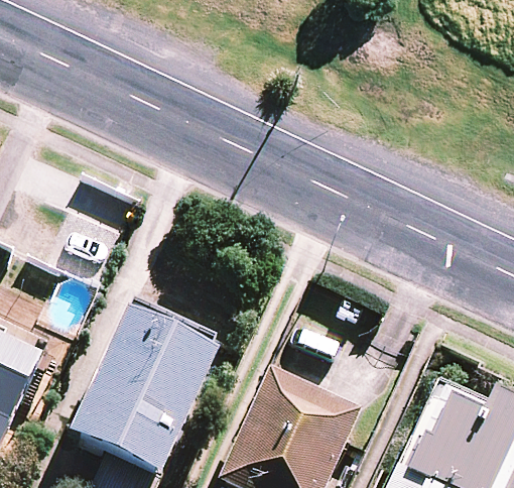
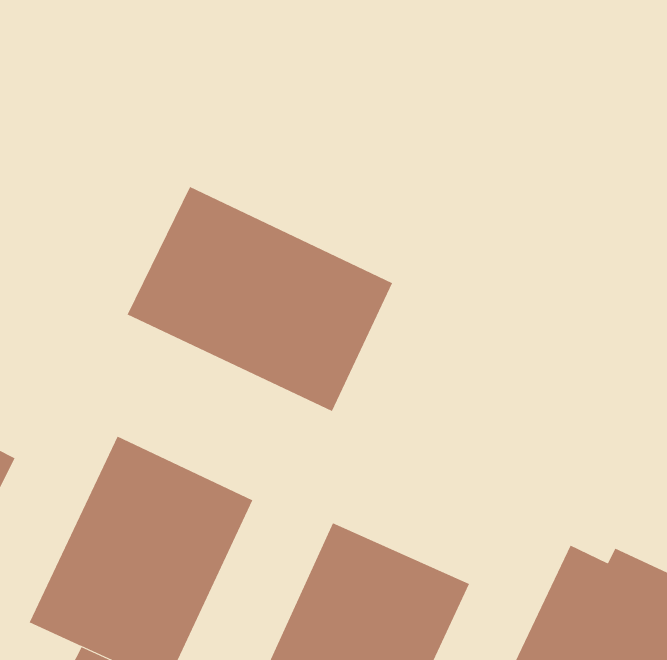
building: none -> [127,186,393,412]

